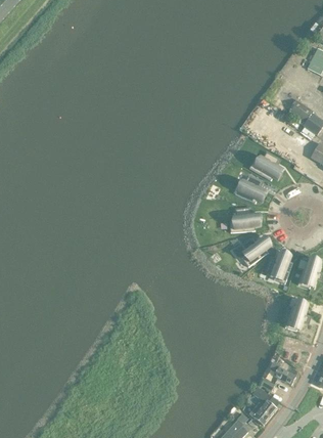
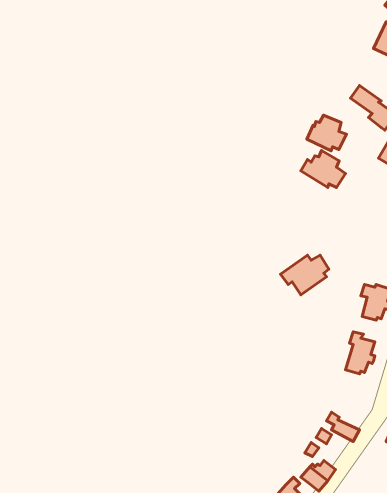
building: [235,174,267,203] -> [307,115,346,151]
building: [229,207,260,231] -> none
building: [265,250,292,282] -> none

